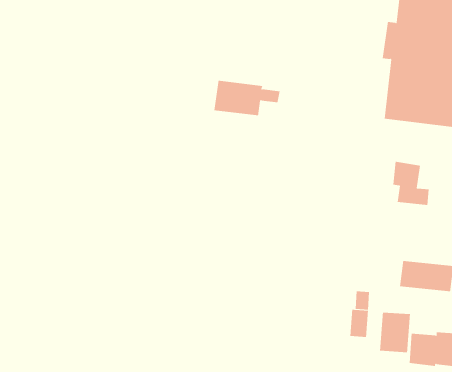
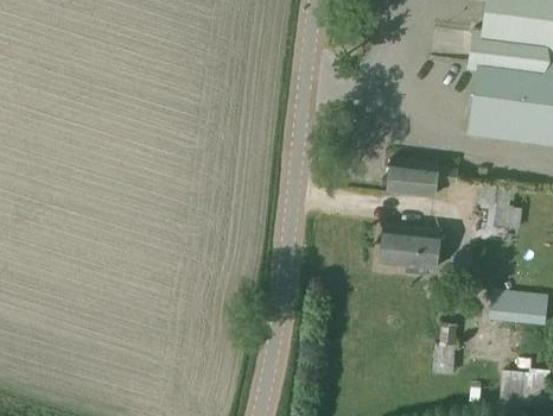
building: [213,80,280,116] -> [384,158,458,197]
building: none -> [379,223,440,269]
building: [379,312,411,353] -> none

